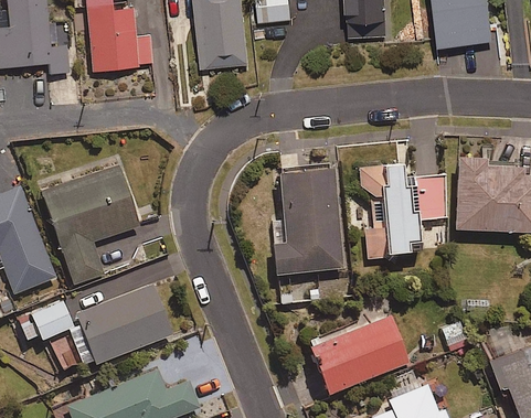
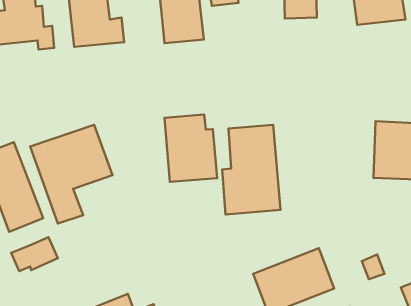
building: none -> [164,114,217,182]
building: [360,164,446,259] -> none
building: [57,286,172,369] -> none

